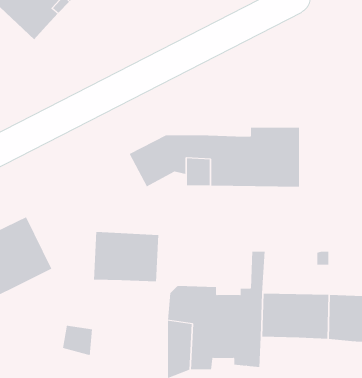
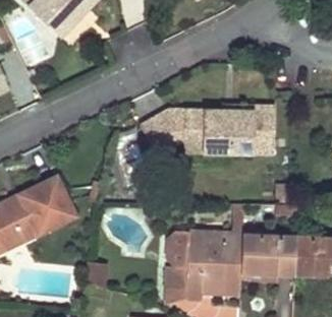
building: [94,231,159,282] -> none

